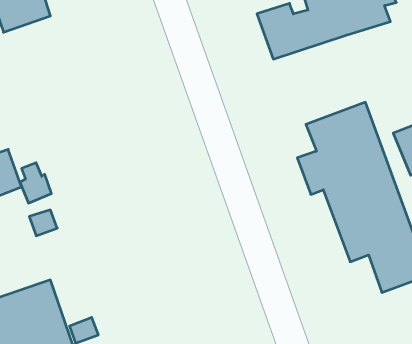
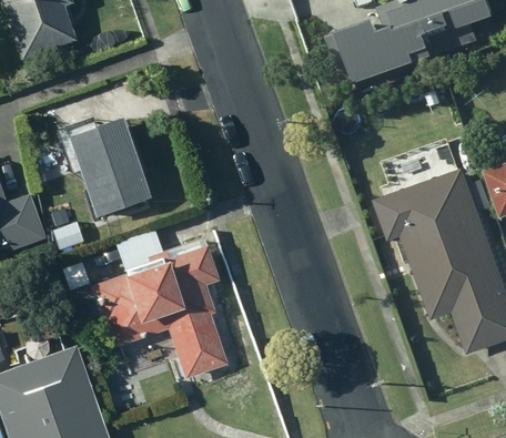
building: none -> [61,113,154,215]
building: none -> [93,226,231,377]

